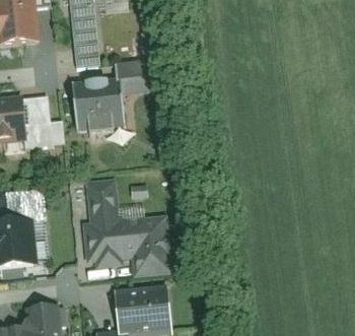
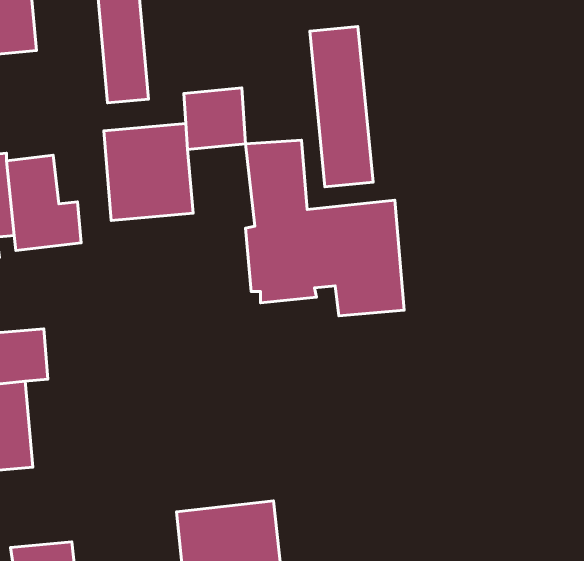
building: none -> [310,27,373,187]
building: [85,179,171,274] -> [246,140,404,316]

